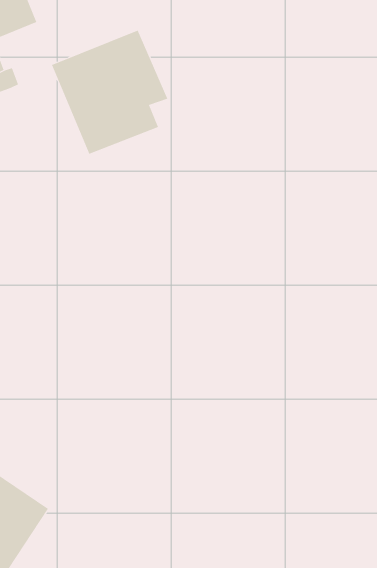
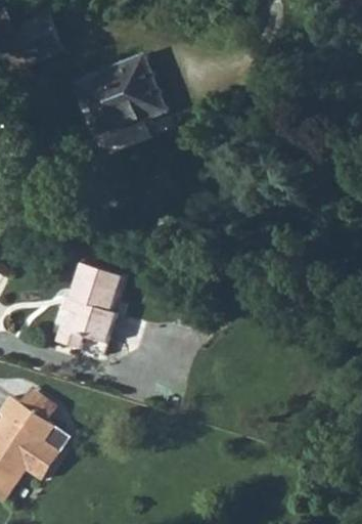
building: none -> [55,262,121,349]

